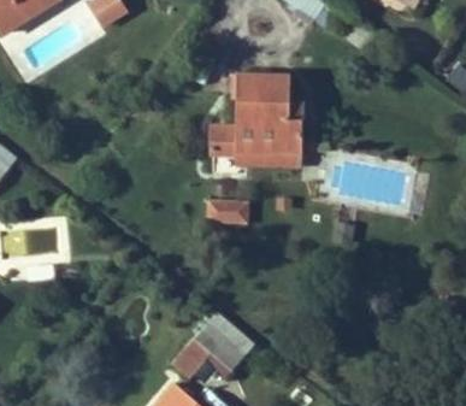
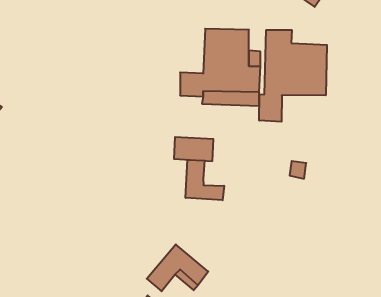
building: none -> [259,30,327,122]
building: none -> [186,160,224,200]

